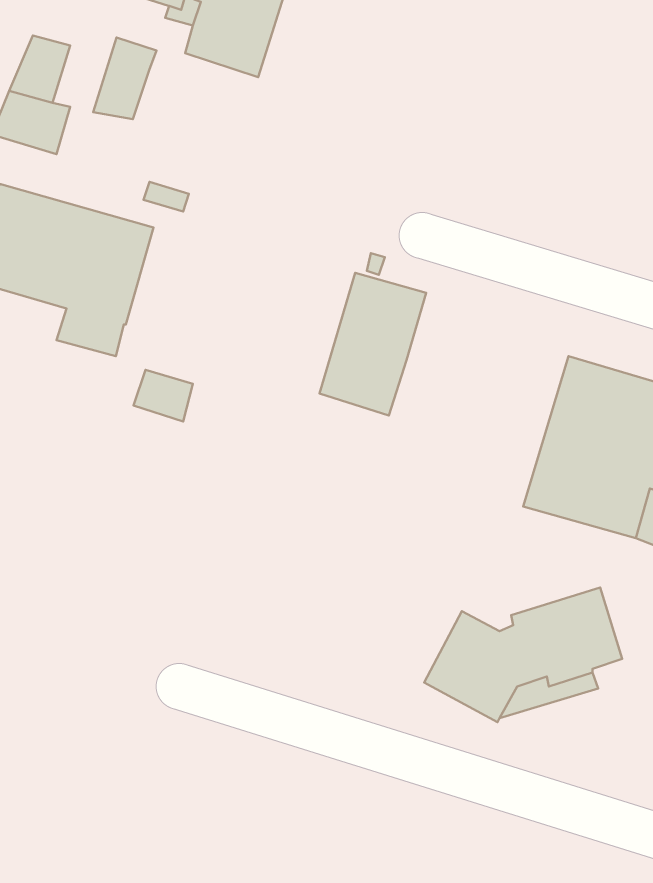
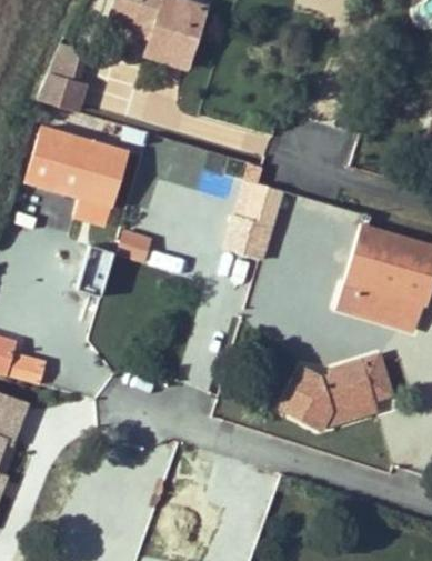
building: [93,37,157,119] -> none

